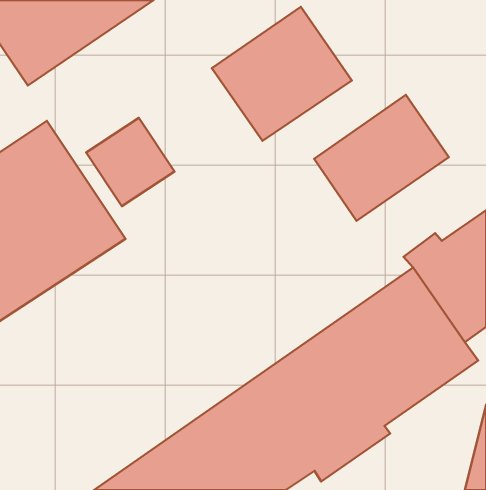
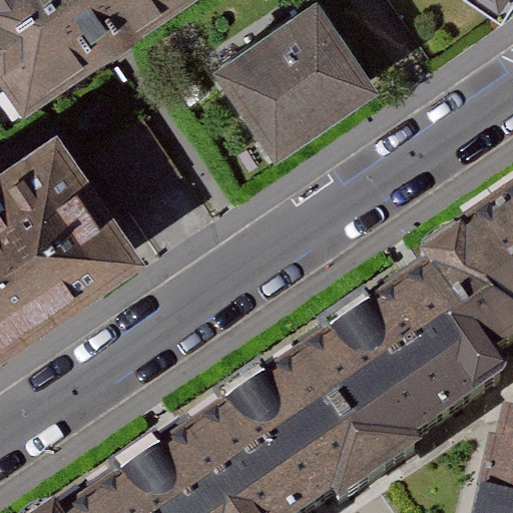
building: [314,95,449,221] -> none

